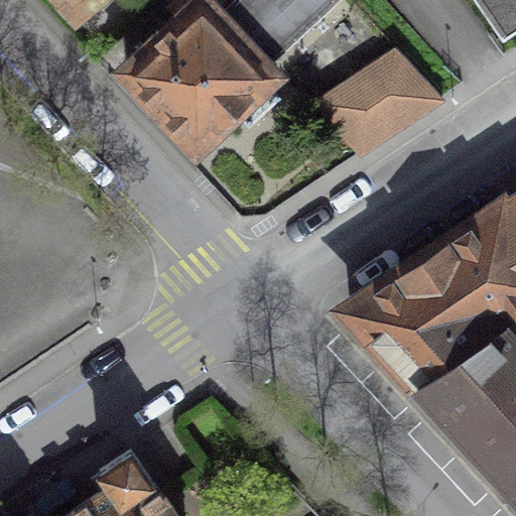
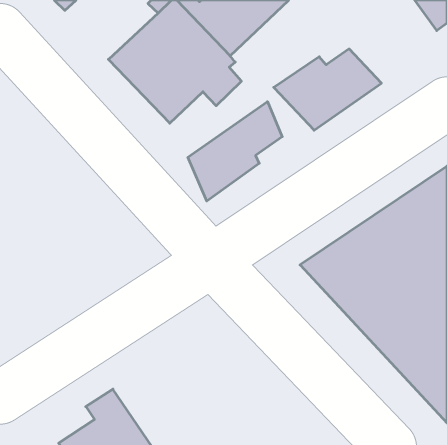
building: none -> [188,102,282,201]

